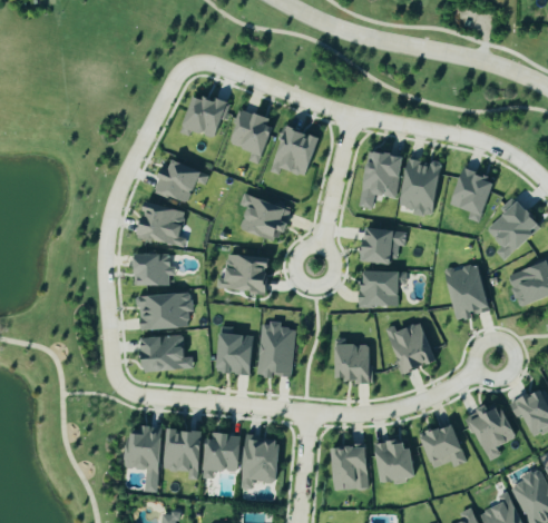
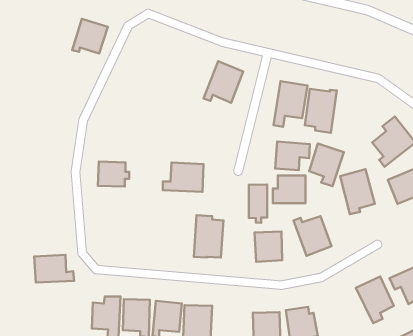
building: [180,92,226,137] -> [72,19,108,54]
building: [227,108,272,164] -> none
building: [154,157,208,204] -> none
building: [450,168,495,223] -> [309,144,344,186]
building: [238,194,293,239] -> none
building: [136,200,185,248] -> none
building: none -> [249,185,267,223]
building: [137,293,190,329] -> none
building: [216,333,252,374] -> none
building: [141,335,193,371] -> [34,255,74,283]
building: [419,423,464,471] -> none

